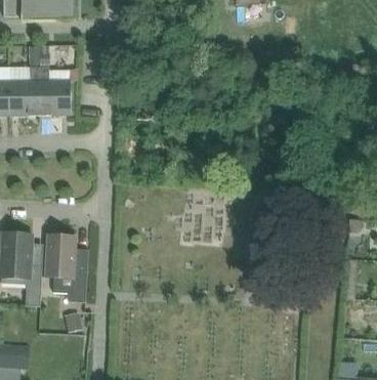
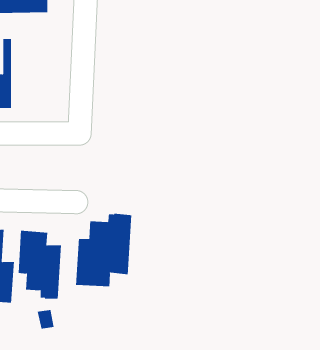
building: [39,51,71,113] -> none
building: none -> [75,213,132,287]

